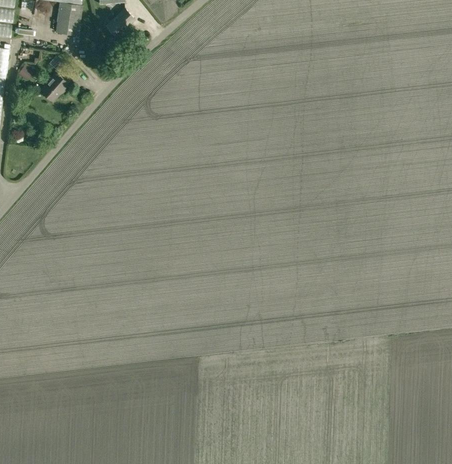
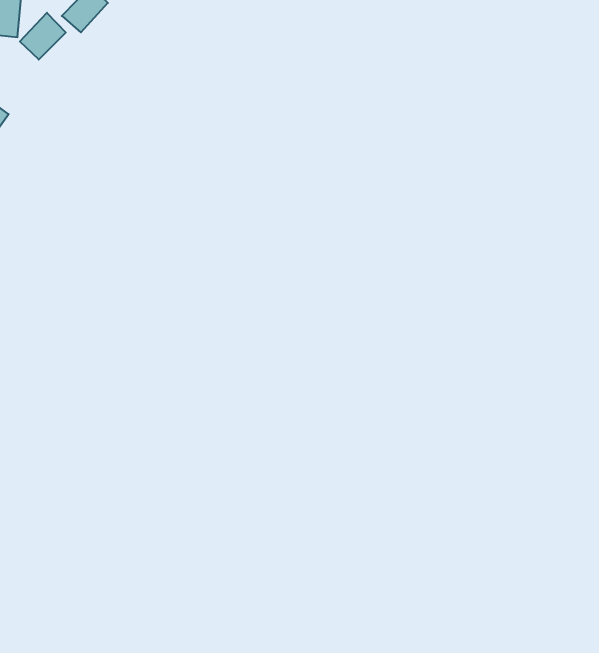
building: none -> [20,13,66,60]

